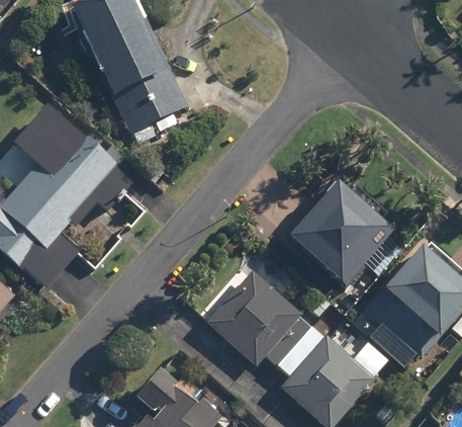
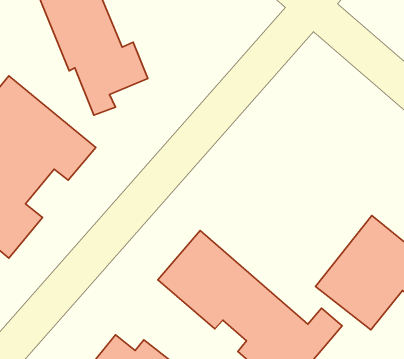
building: [280,176,391,287] -> none

